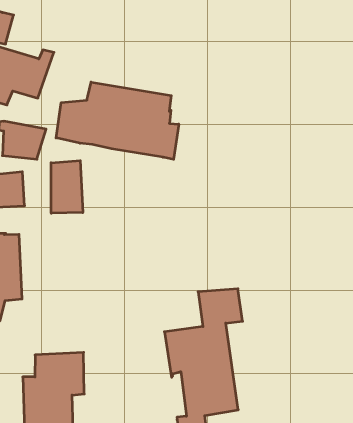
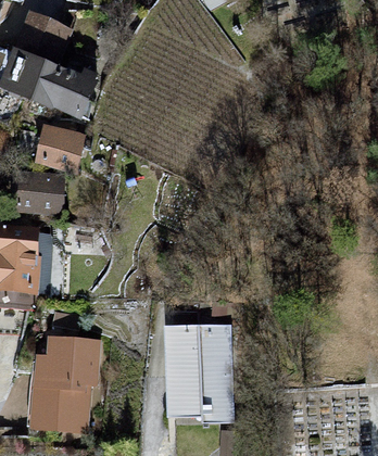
building: [56,82,179,159] -> none
building: [51,161,83,213] -> none

